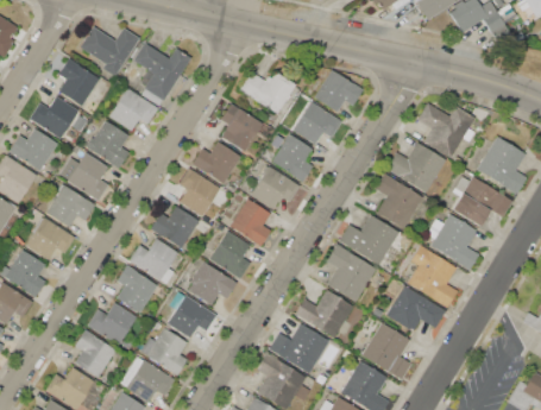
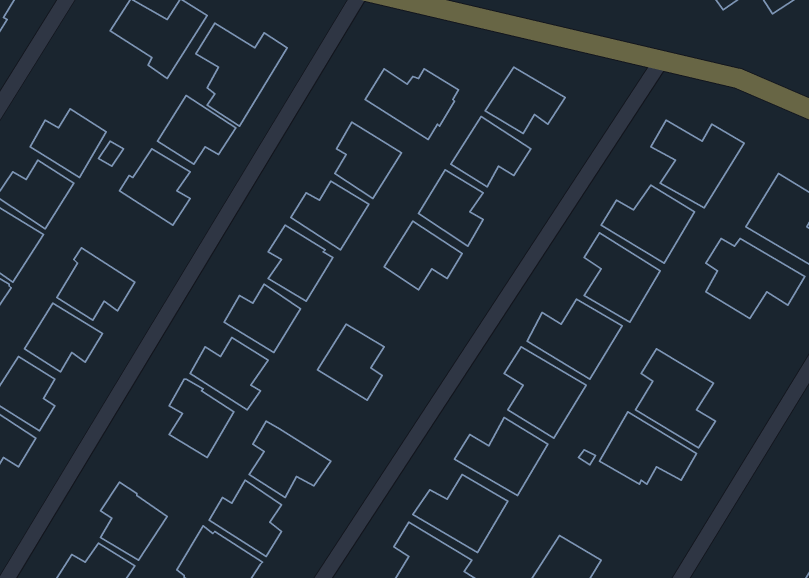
building: [58,59,100,106] -> none
building: [59,153,109,202] -> none
building: [231,198,272,247] -> none
building: [426,214,482,271] -> none
building: [188,263,237,305] -> none
building: [87,303,138,346] -> none
building: [361,323,411,381] -> none

